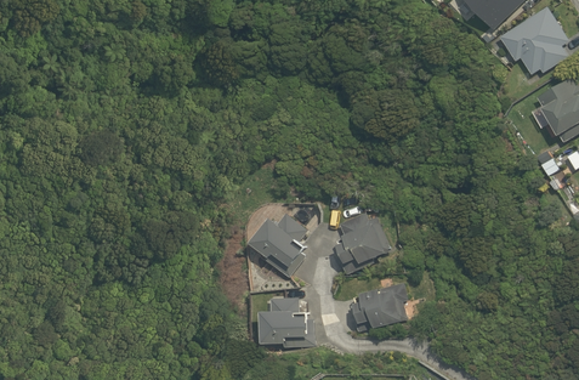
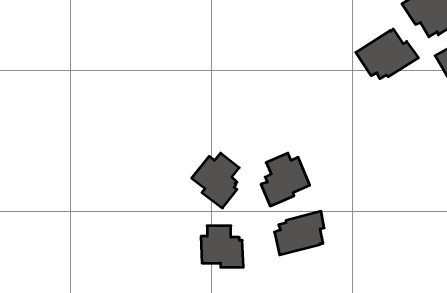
building: none -> [356,29,418,79]

